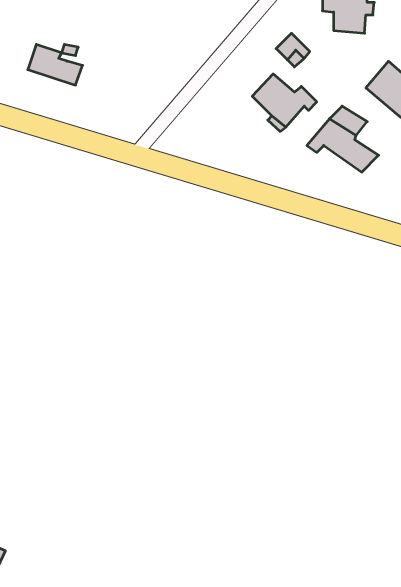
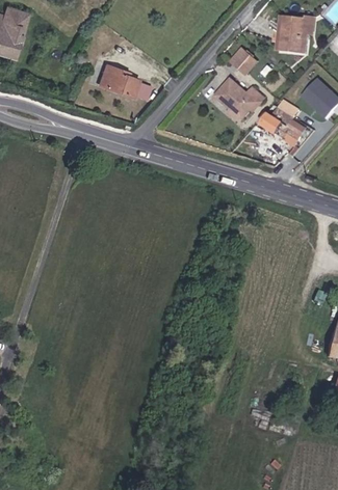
building: [28,44,83,85] -> [98,62,138,92]

